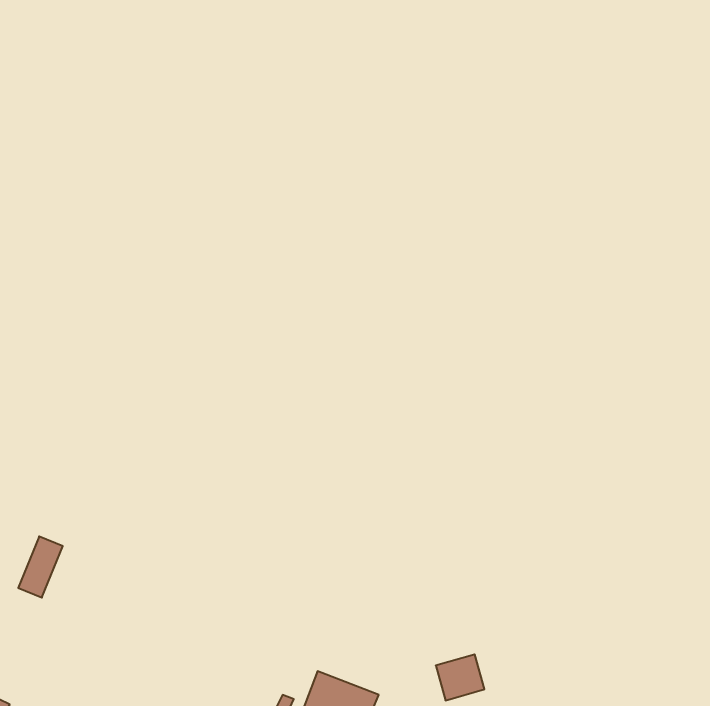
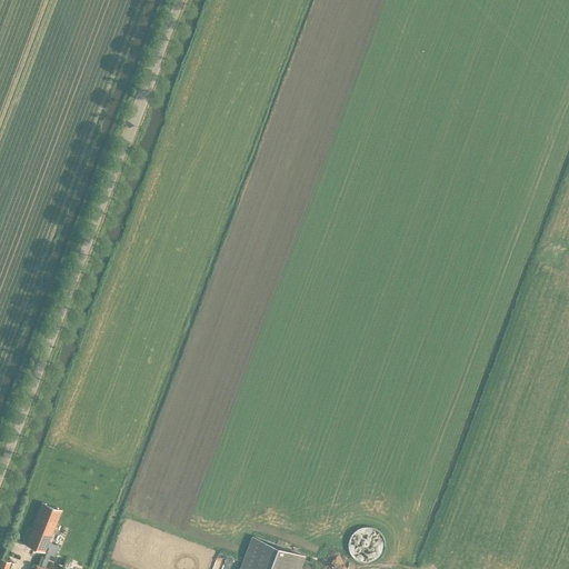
building: [18,536,63,598] -> [24,507,60,556]

